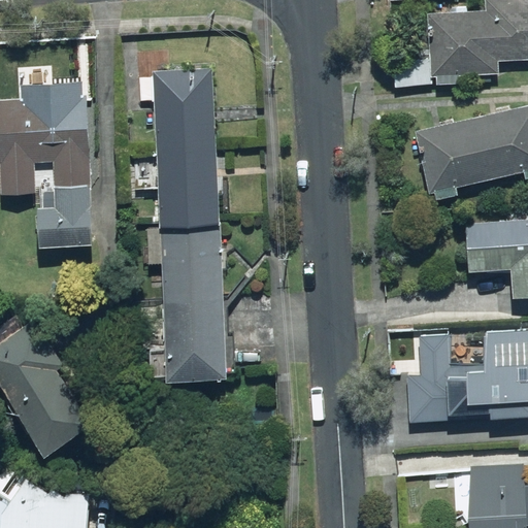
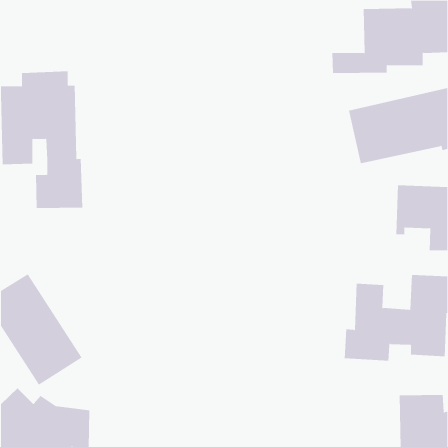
building: [153,70,228,381] -> none

